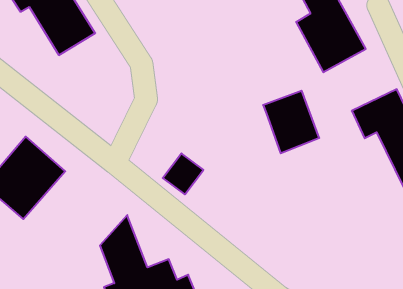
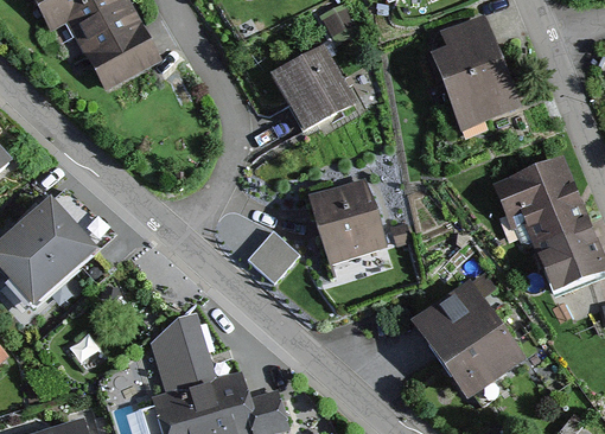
building: none -> [273,50,352,132]
building: [263,91,319,153] -> [307,179,381,262]
building: none -> [410,270,535,401]

